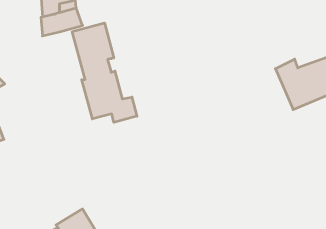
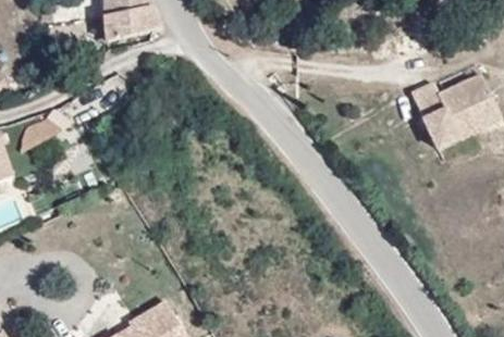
building: [72,23,137,122] -> none

